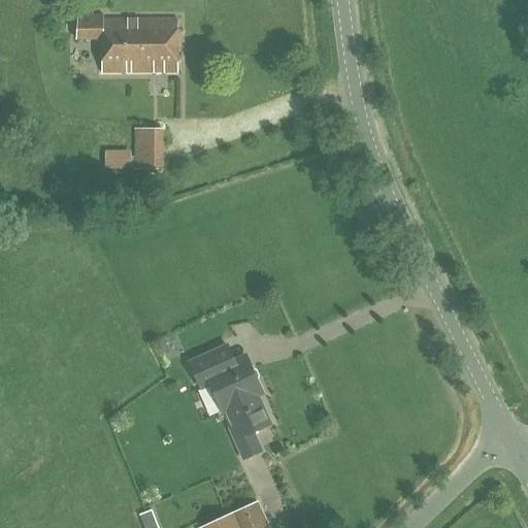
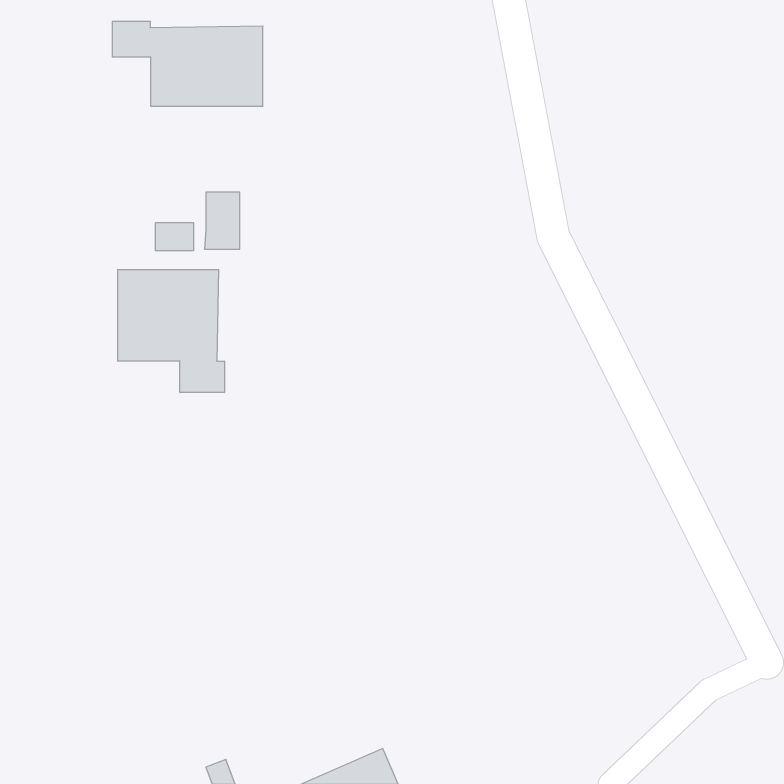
building: none -> [118,269,224,393]
building: [189,344,269,458] -> none

